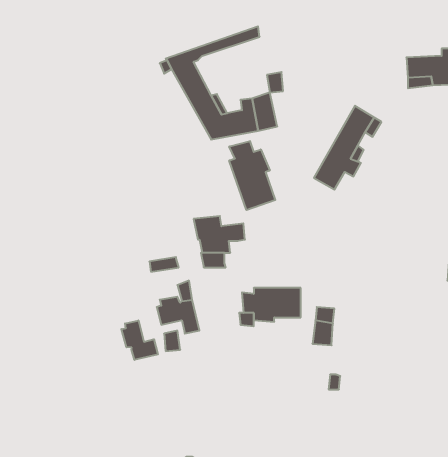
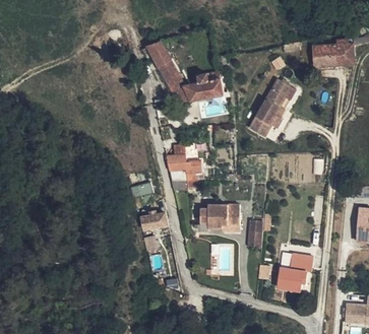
building: [229,141,275,210] -> none
building: [121,320,158,360] -> none
building: none -> [276,255,311,290]

